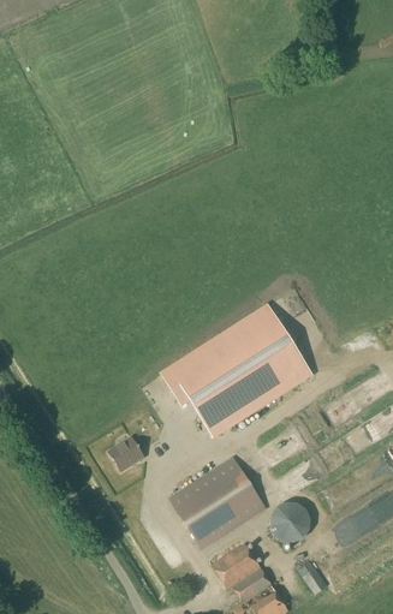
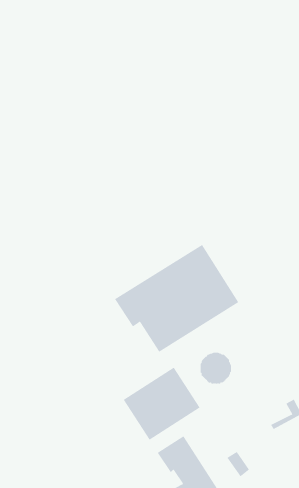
building: [108,436,143,470] -> none
building: [270,501,310,541] -> [200,352,232,384]

